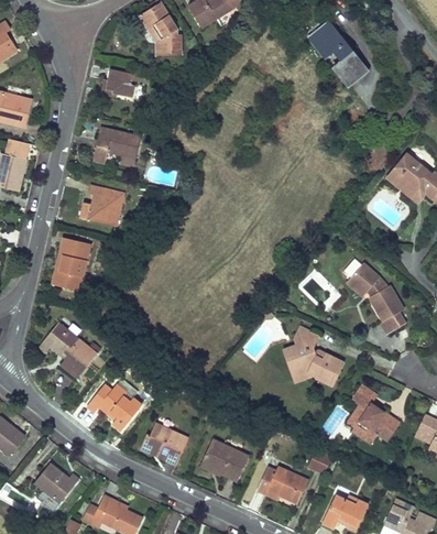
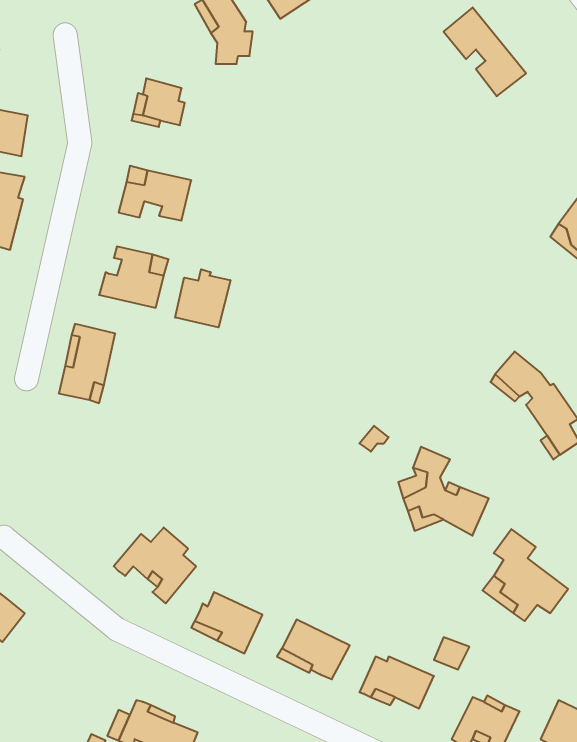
building: none -> [175,269,230,327]
building: [40,324,97,380] -> none
building: [34,461,80,503] -> none

